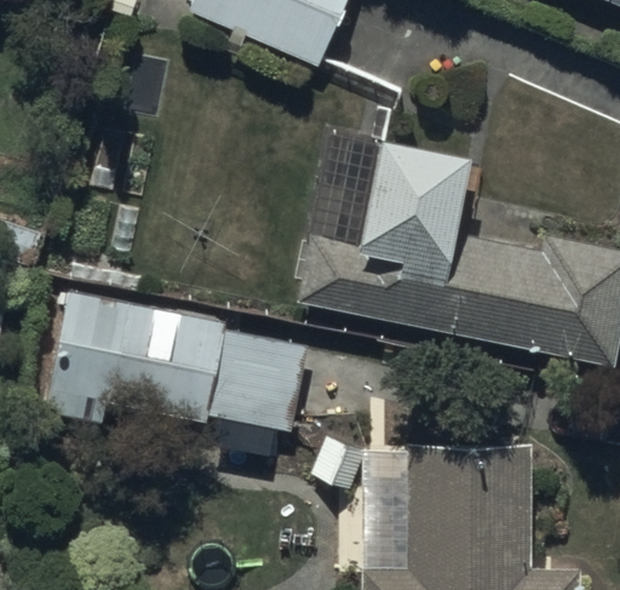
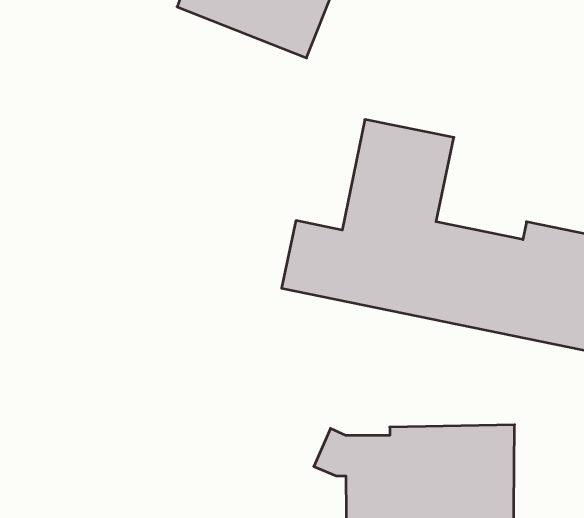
building: [47,291,306,440] -> none

